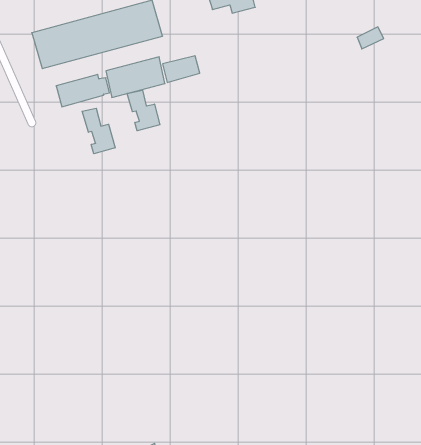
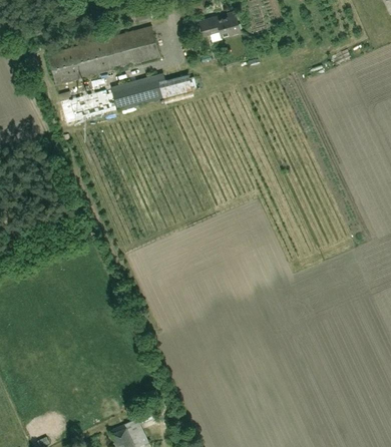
building: [127,90,160,131] -> none
building: [82,108,115,154] -> none

